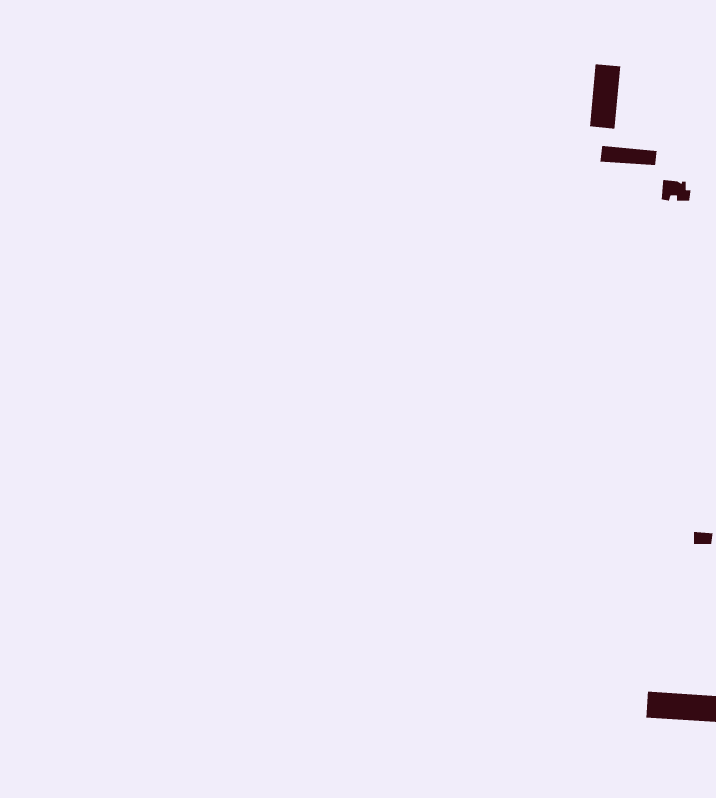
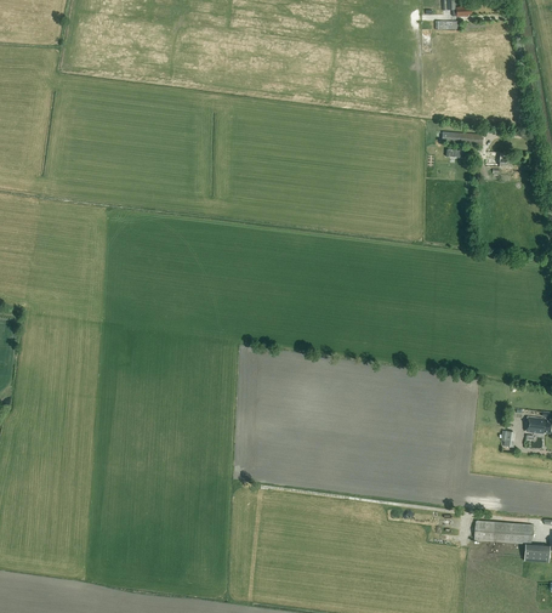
building: [589,63,621,129] -> none

